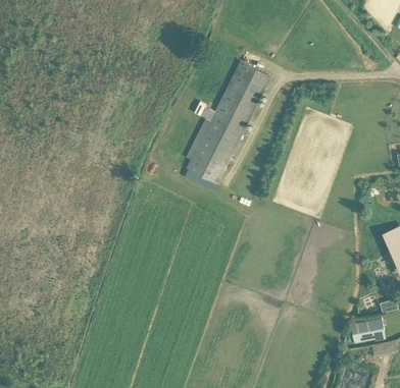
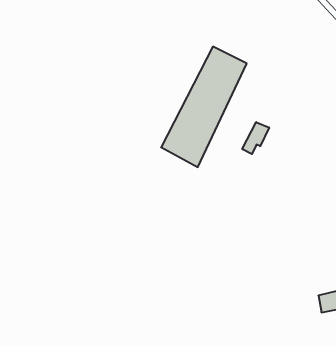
building: none -> [242,122,269,154]

